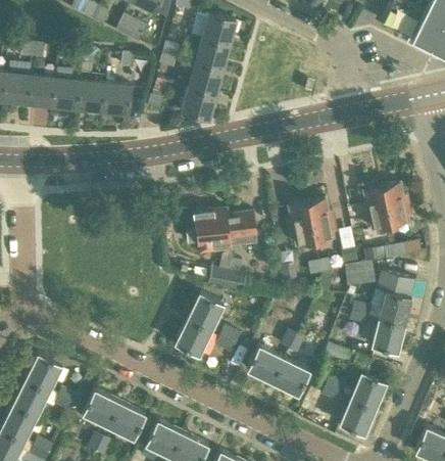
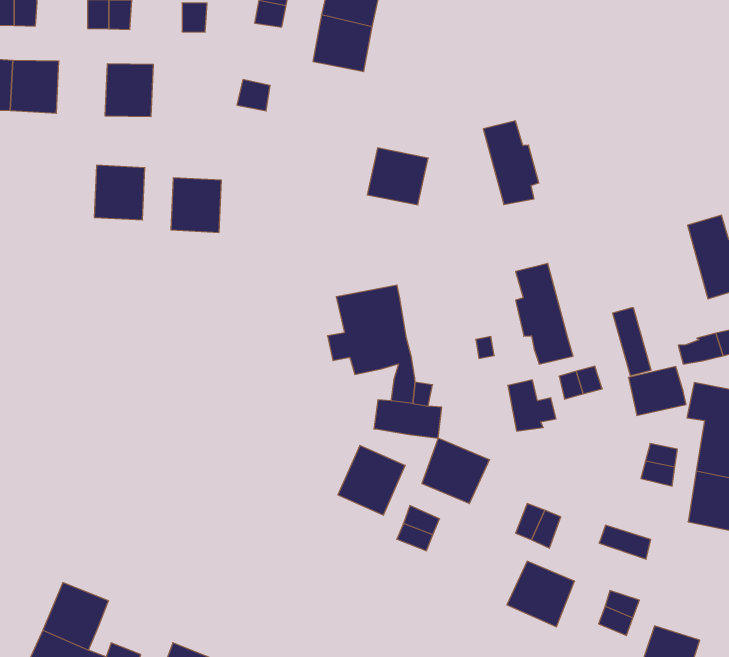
building: [52,79,81,109] -> [94,165,145,220]
building: [102,84,131,114] -> [171,178,221,232]
building: [183,88,216,120] -> [367,148,428,205]
building: [362,188,391,232] -> none
building: [307,200,335,244] -> [483,121,539,205]
building: [228,213,258,248] -> none
building: [176,319,211,355] -> none
building: [249,348,286,383] -> [422,438,490,504]
building: [351,373,386,409] -> none

